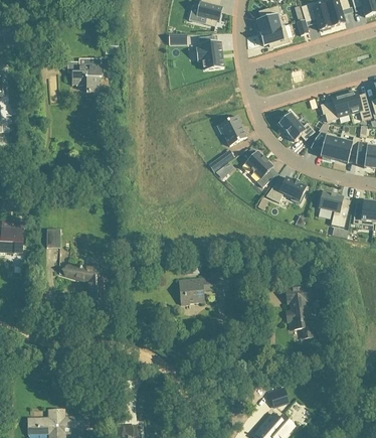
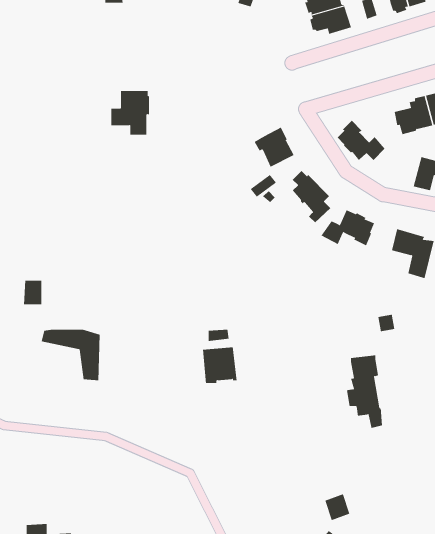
building: [195,34,222,69] -> none
building: [71,58,101,92] -> [111,90,150,135]
building: [310,132,340,159] -> none

